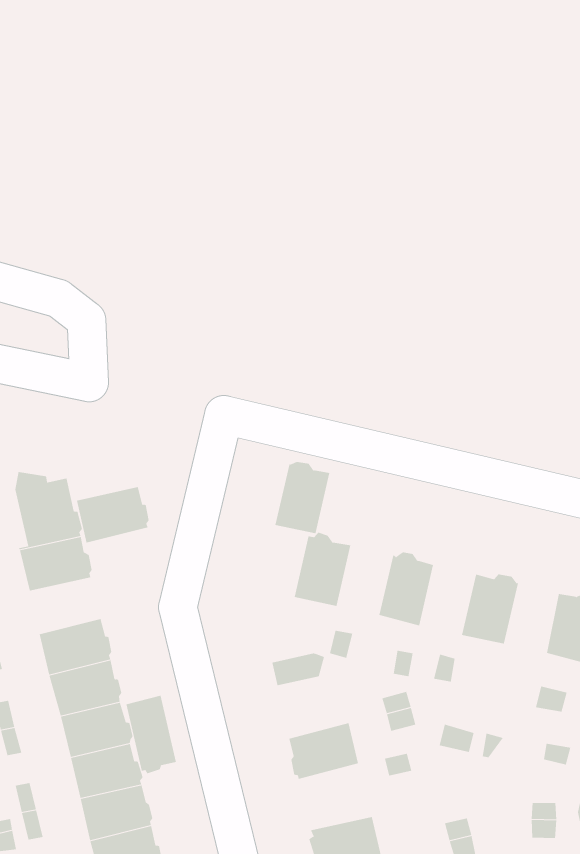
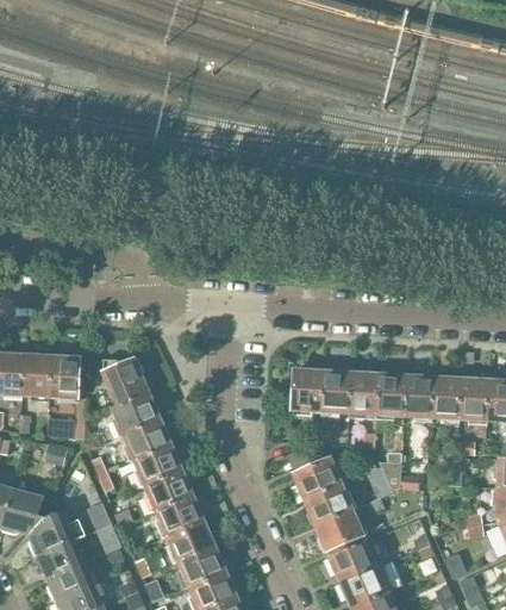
building: [275,461,330,534] -> [320,369,350,413]
building: [76,487,150,543] -> [123,421,171,462]
building: none -> [375,372,405,417]
building: none -> [431,375,460,419]
building: none -> [292,459,341,502]
building: [126,695,177,774] -> none
building: none -> [314,510,363,553]

